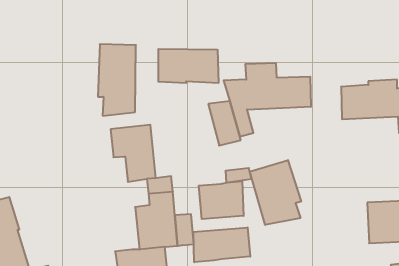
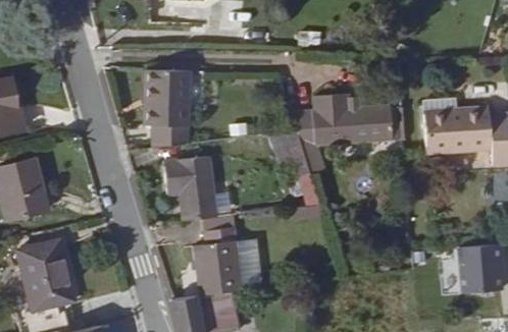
building: [158,49,218,83] -> none
building: [250,160,301,225] -> none
building: [199,181,244,219] -> none
building: [193,227,250,262] -> none

